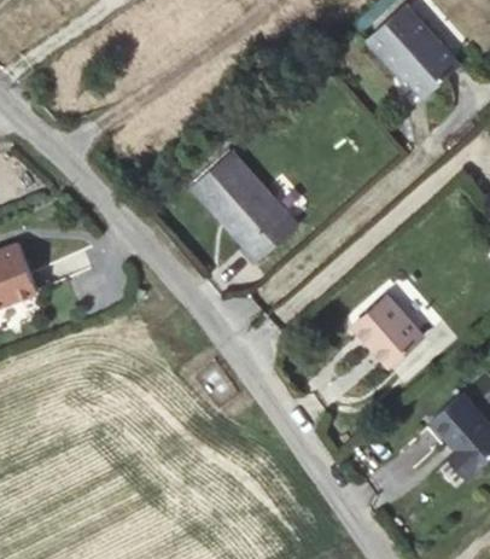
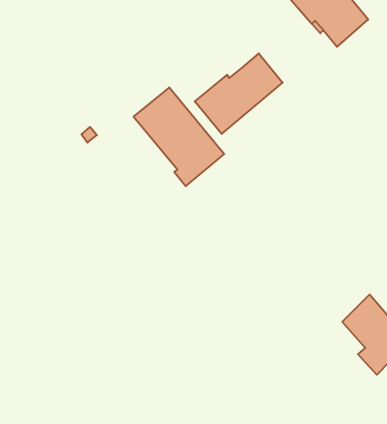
building: none -> [195,53,283,134]
building: [357,291,430,363] -> none

